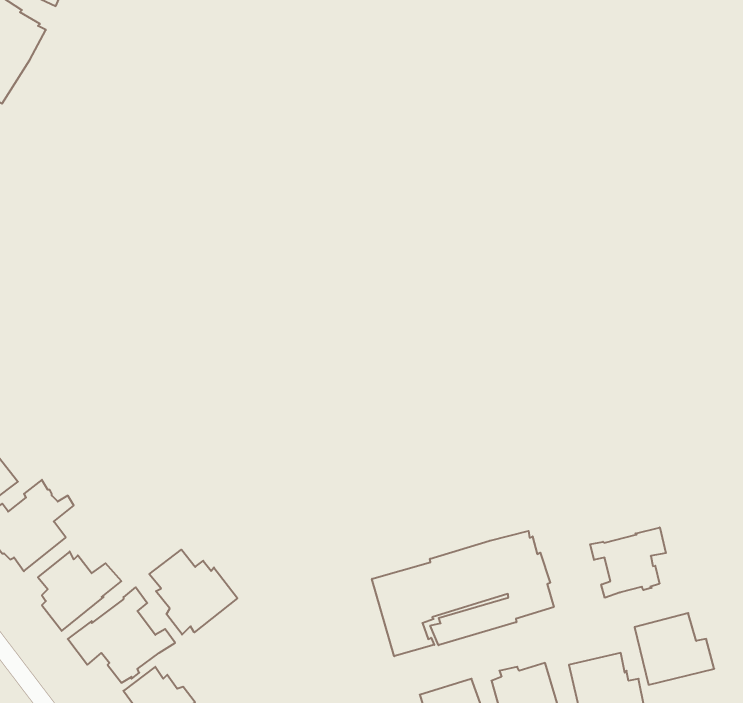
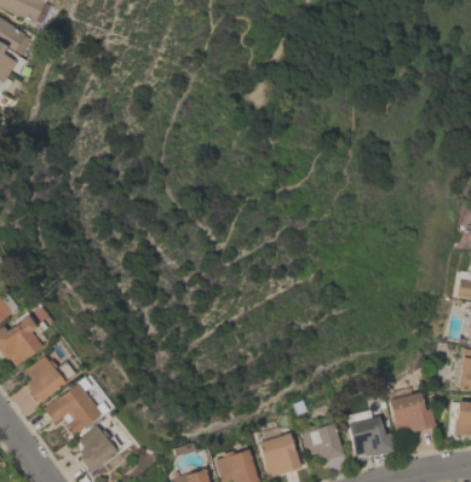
building: [590,527,666,598] -> none
building: [372,531,554,656] -> none
building: [149,550,237,635] -> none

